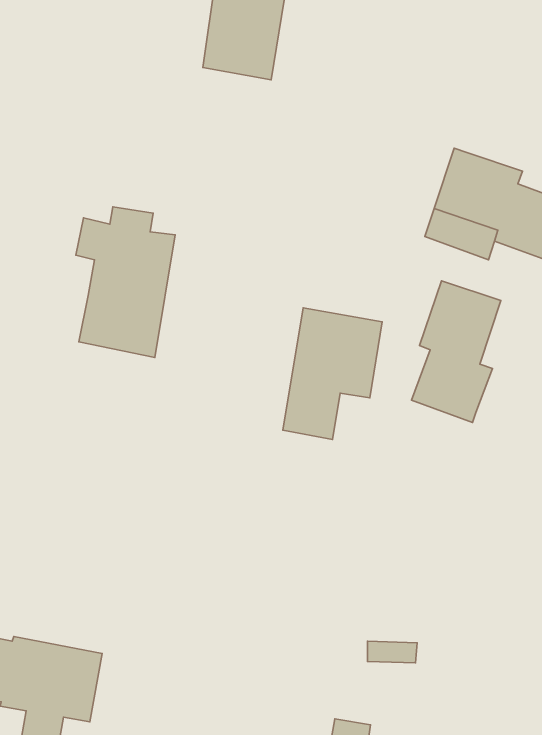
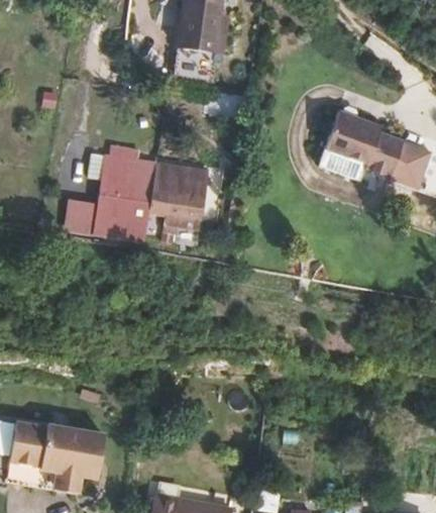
building: [411,281,501,422] -> none
building: none -> [65,198,100,234]
building: [283,308,382,440] -> [143,165,208,250]

